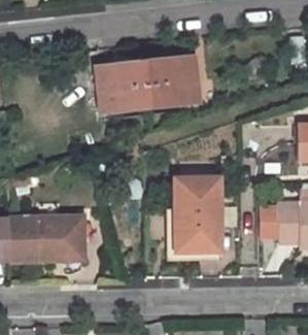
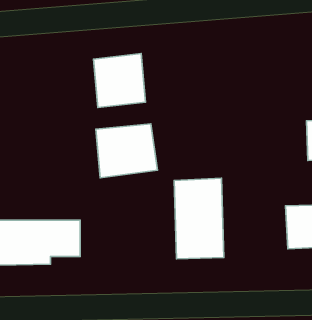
building: [143,57,201,107] -> [96,124,158,178]

